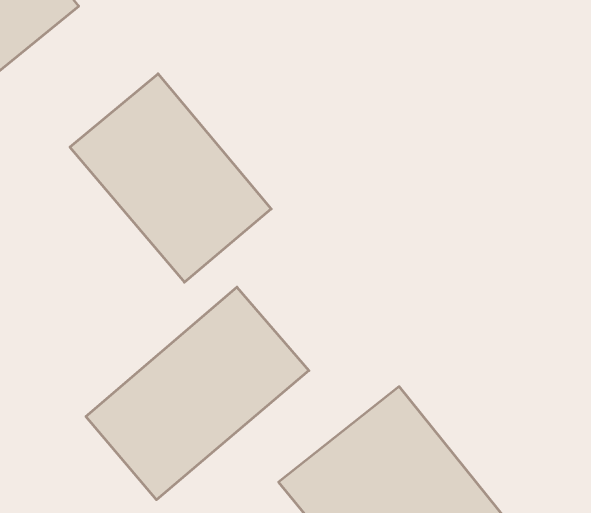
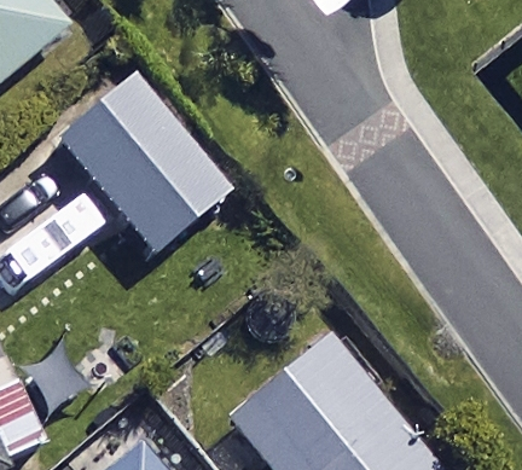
building: [86,287,309,500] -> none

